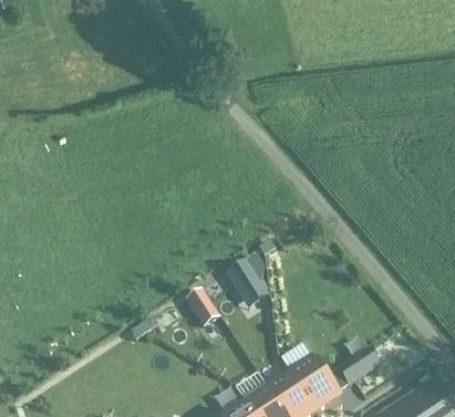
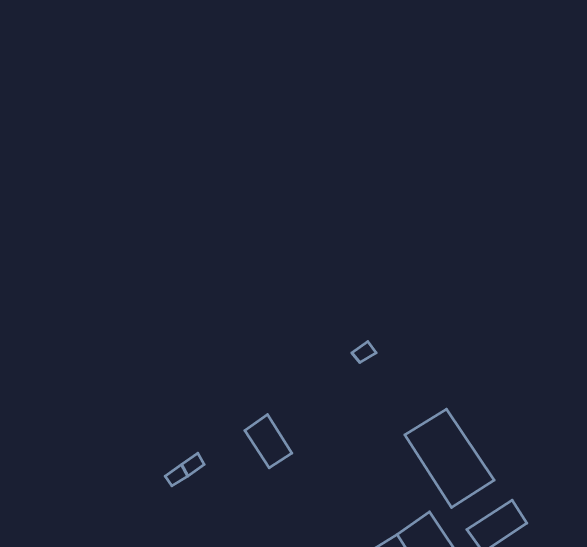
building: [224,252,261,300] -> none
building: none -> [405,409,494,508]

